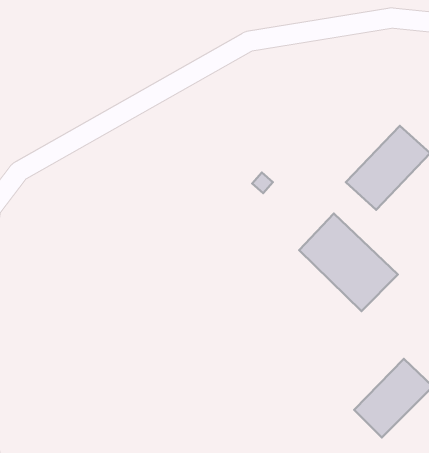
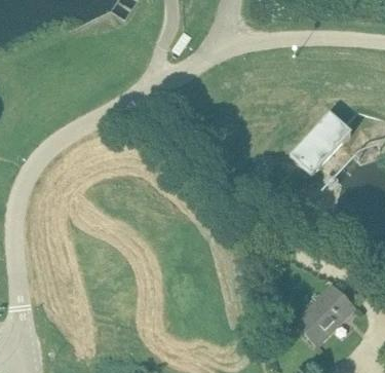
building: [299,214,398,311] -> none

